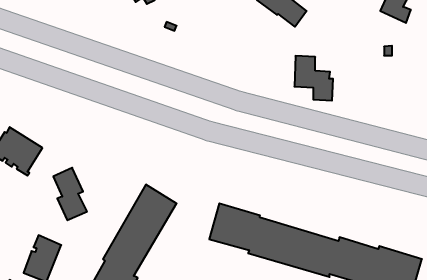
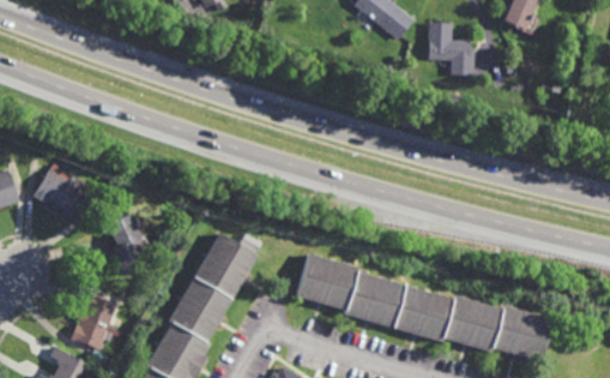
building: [294,56,333,101] -> [428,20,475,74]

